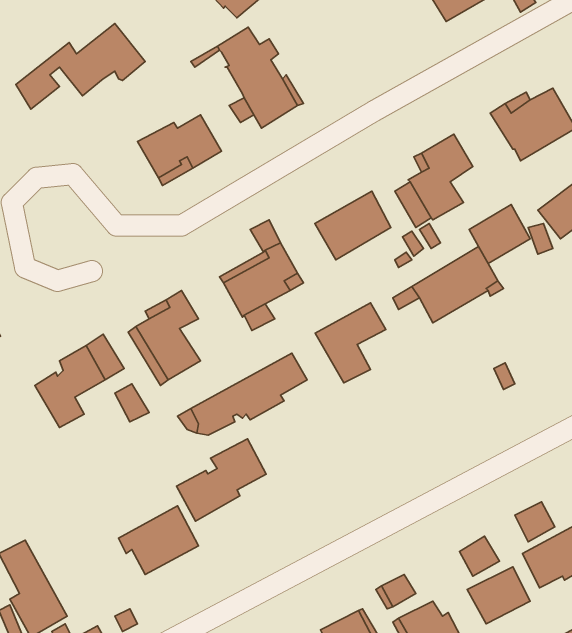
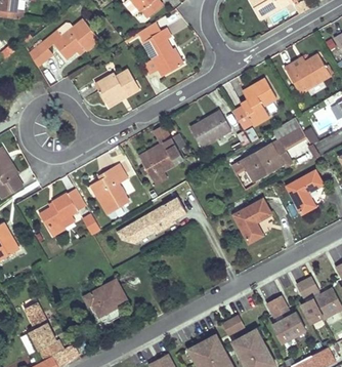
building: [315,303,386,383] -> [232,199,270,242]
building: none -> [287,172,323,215]
building: [177,439,266,521] -> none

